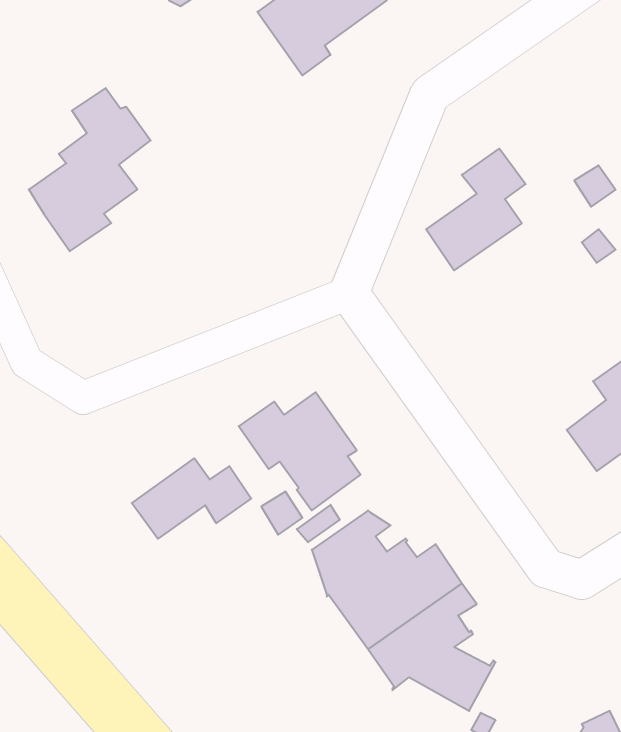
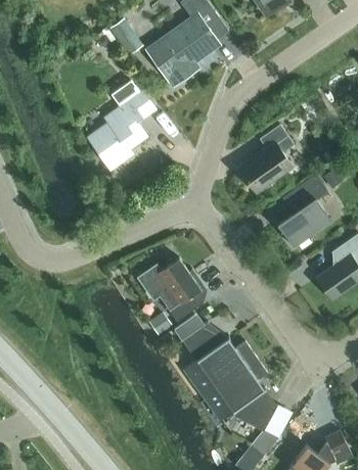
building: [29,88,151,251] -> [89,81,155,170]
building: none -> [278,175,331,246]
building: [132,458,251,539] -> none

